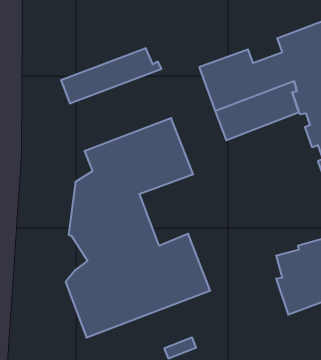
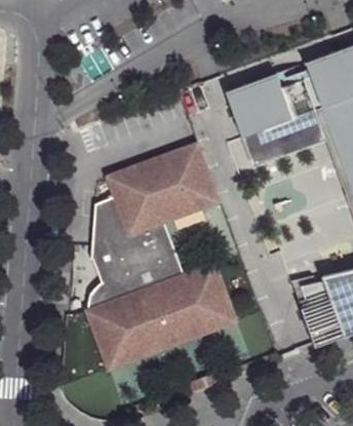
building: [61,48,161,104] -> none

